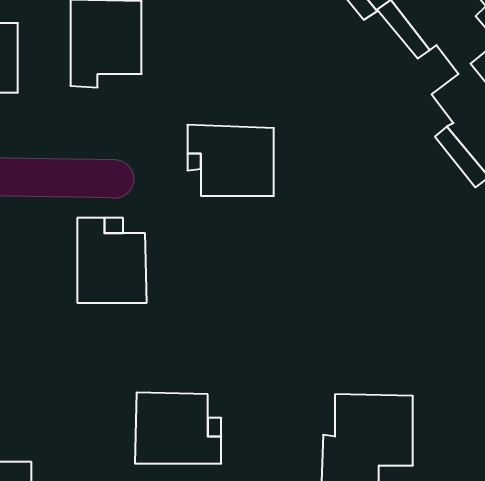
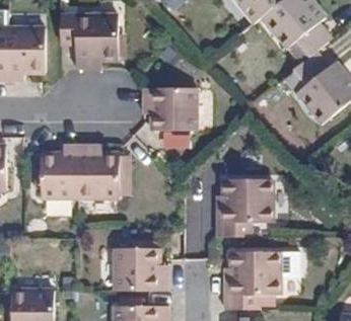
building: none -> [43,143,78,194]
building: none -> [216,181,274,237]

